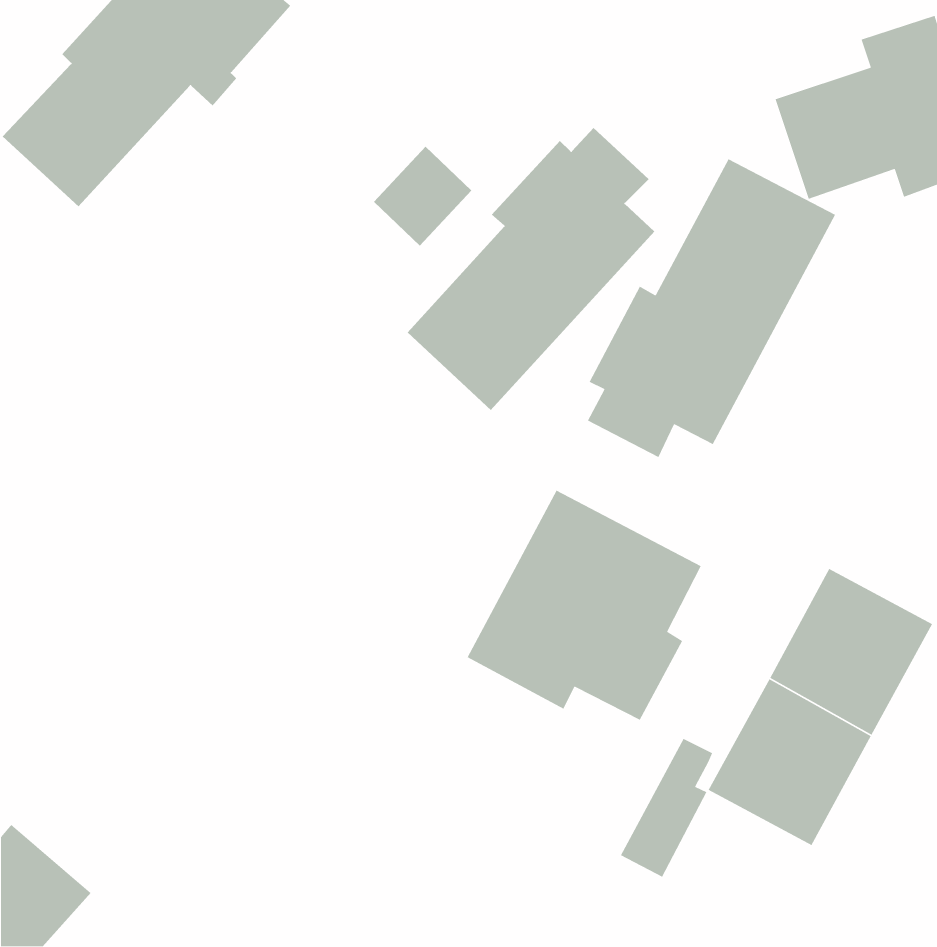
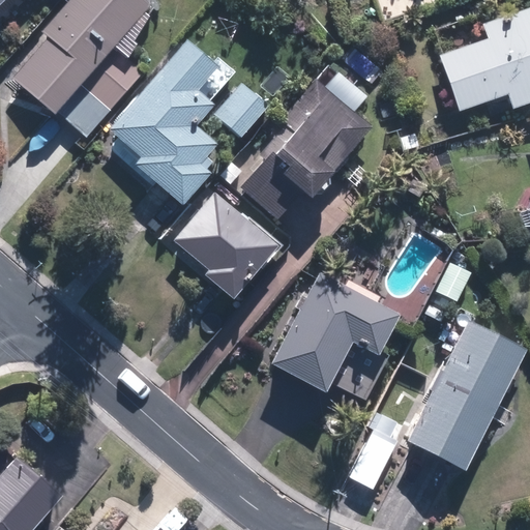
building: none -> [107,38,232,206]
building: none -> [68,60,148,136]
building: [587,158,836,458] -> none
building: none -> [173,193,284,300]

